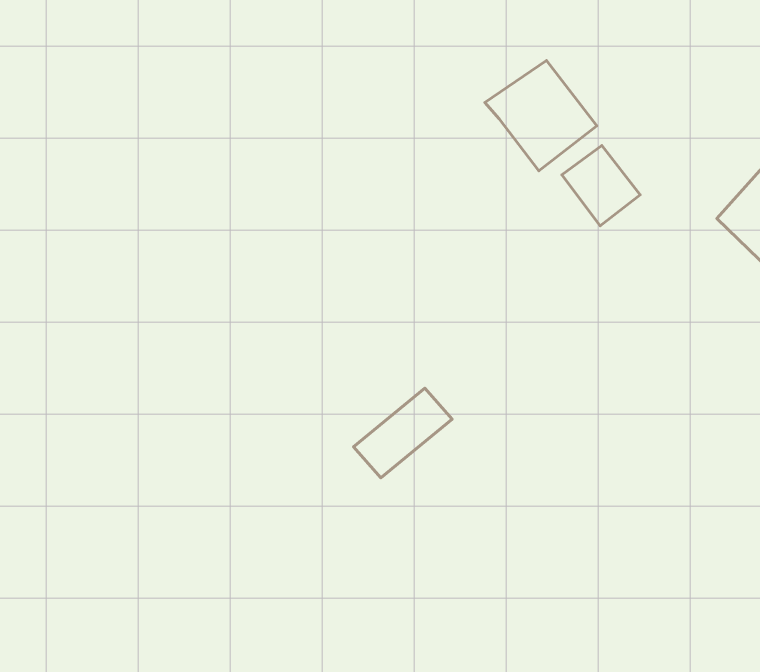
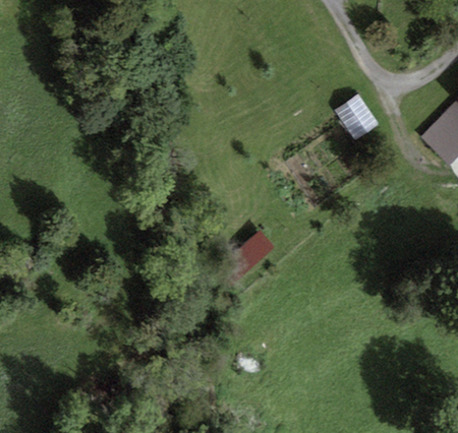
building: [485,60,597,171] -> none

